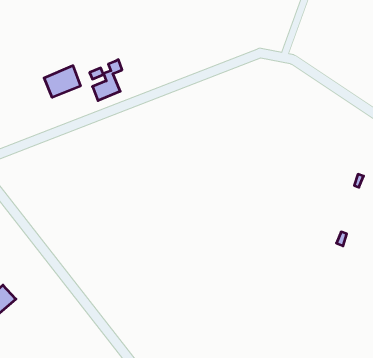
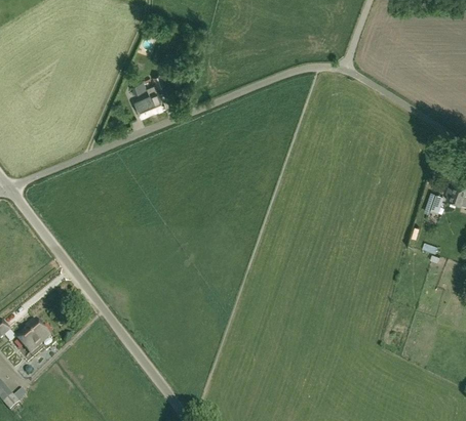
building: [44,66,80,97] -> none

